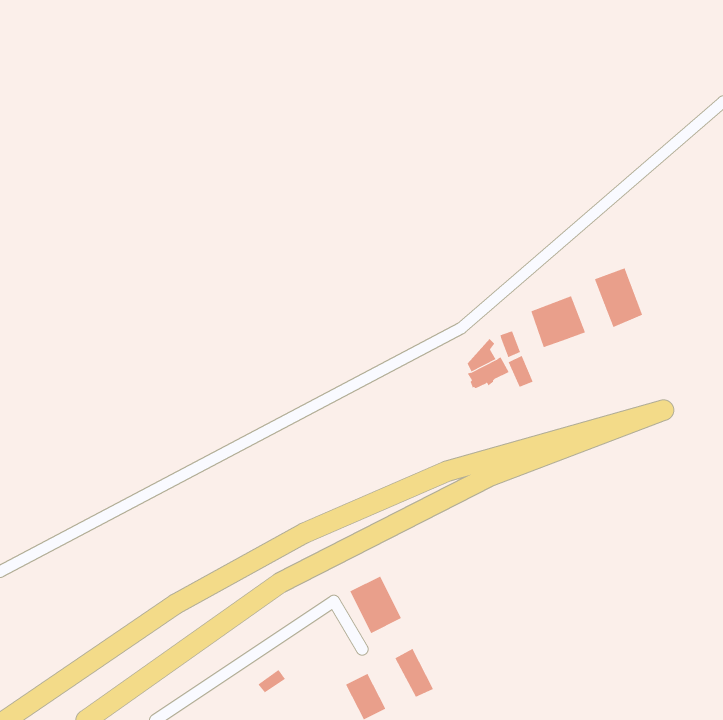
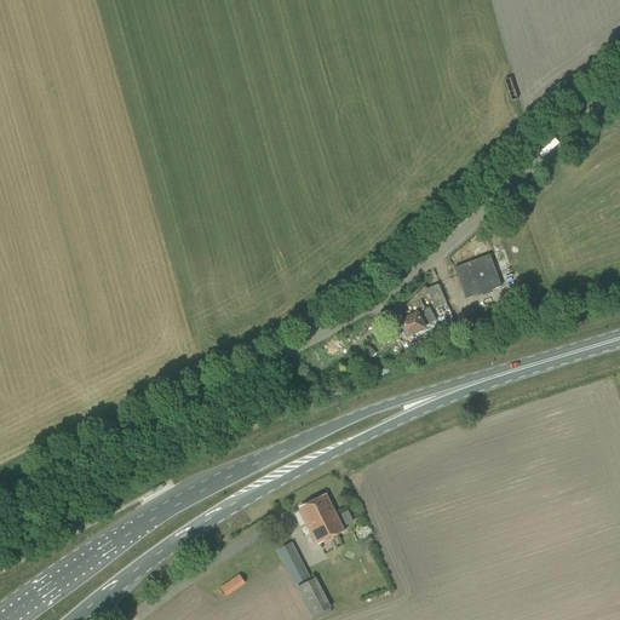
building: [594,267,643,328] -> none
building: [394,648,434,698] -> [276,540,310,582]

